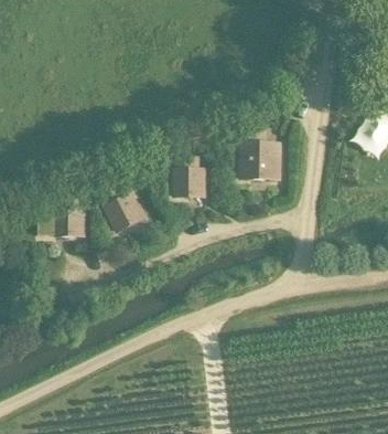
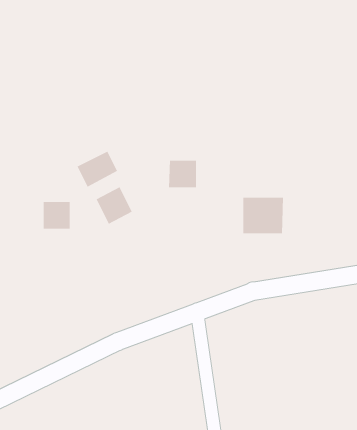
building: [240,144,280,179] -> [243,197,284,234]
building: none -> [77,151,118,187]

